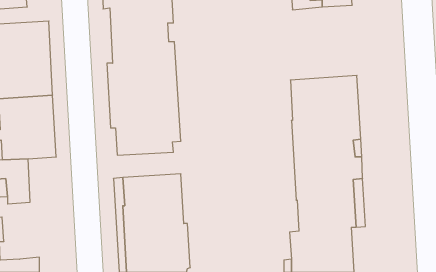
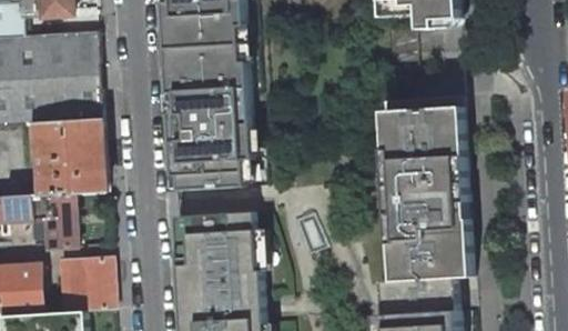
building: none -> [52,259,111,313]

